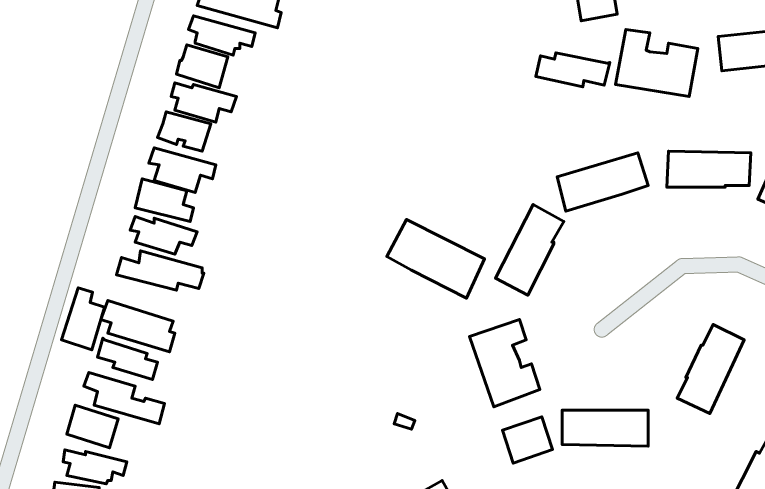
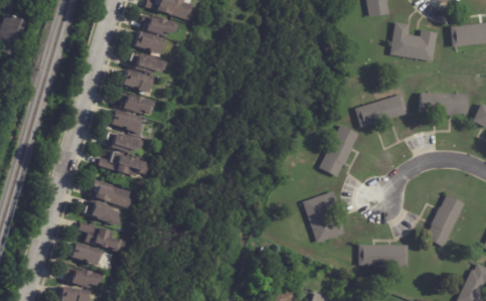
building: [536,53,610,87] -> none
building: [387,219,485,298] -> none
building: [62,288,105,350] -> none
building: [503,417,552,463] -> none

